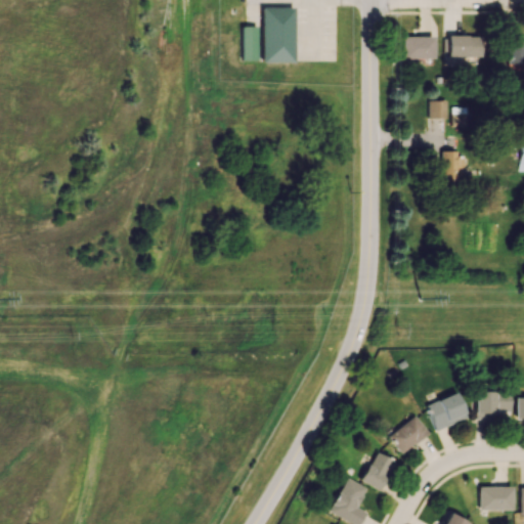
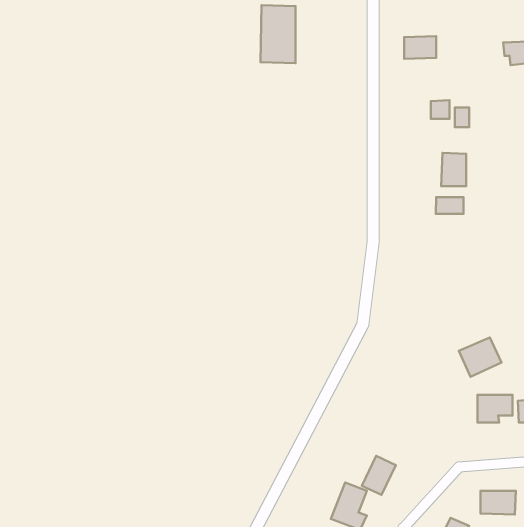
building: [243,27,259,64] -> none
building: [447,36,484,58] -> none
building: none -> [436,197,464,214]
building: [427,393,469,432] -> [459,338,501,377]
building: [389,416,430,454] -> none

